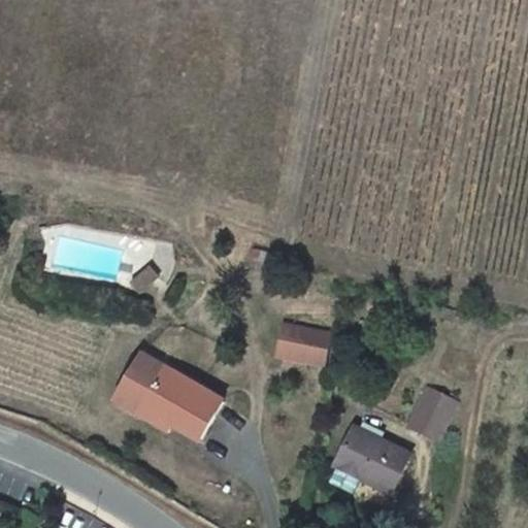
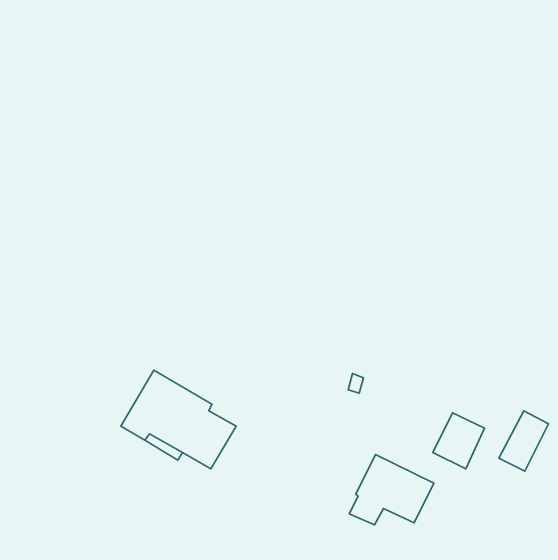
building: [276,325,329,364] -> none
building: none -> [499,411,548,471]

